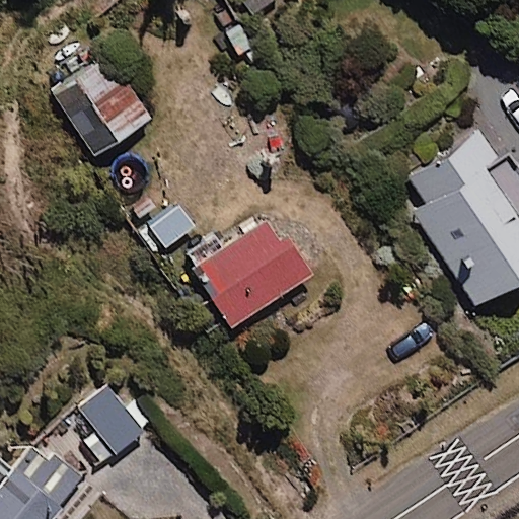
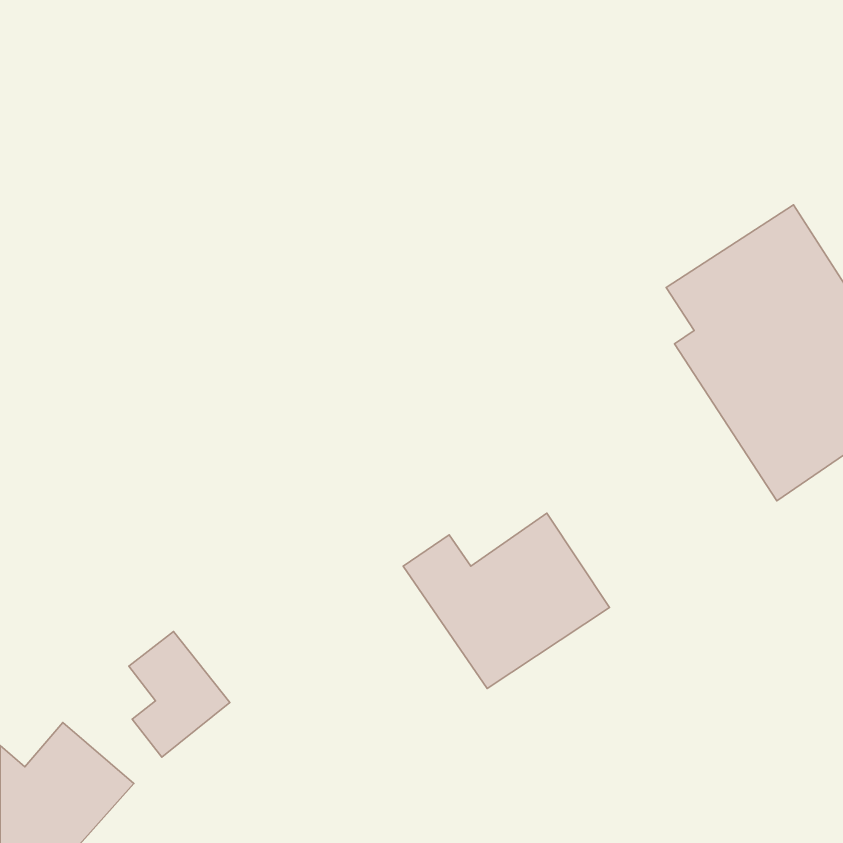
building: [52,56,151,156] -> none
building: [180,220,307,327] -> [403,513,610,688]

